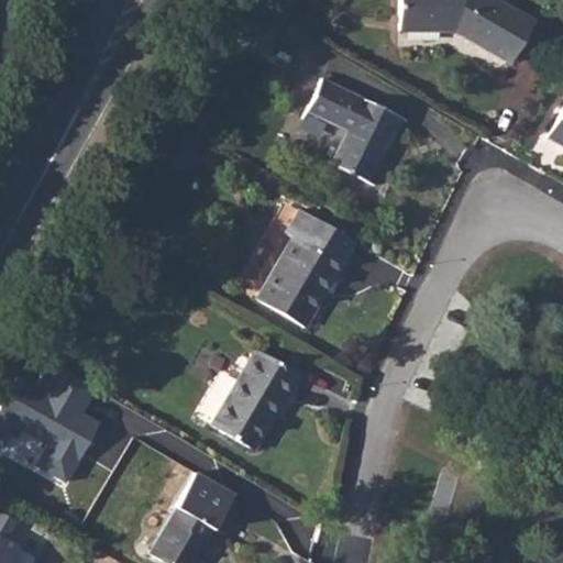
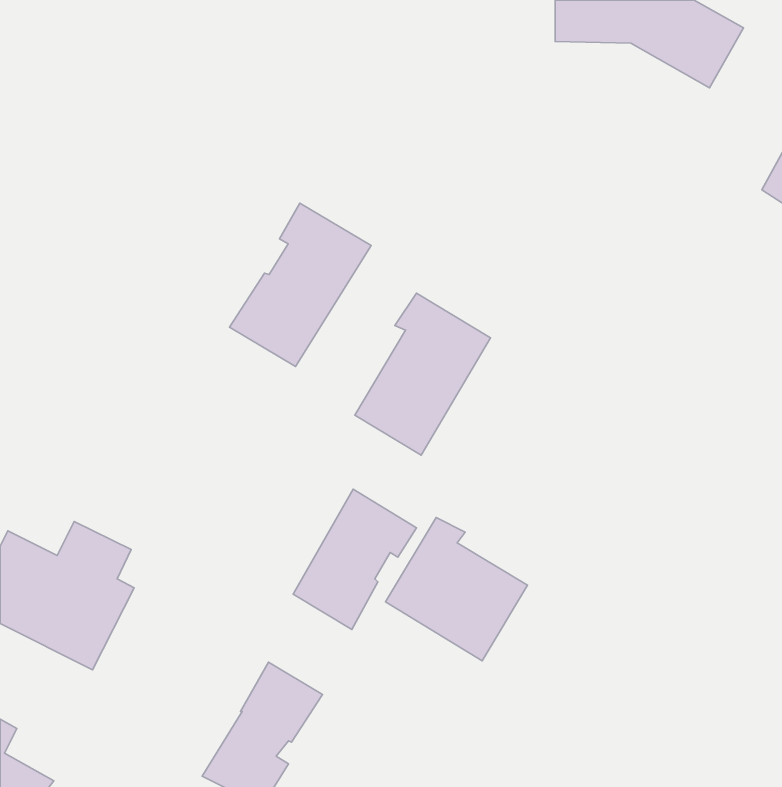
building: [308,81,405,184] -> none
building: none -> [229,203,371,366]
building: none -> [386,517,527,661]

